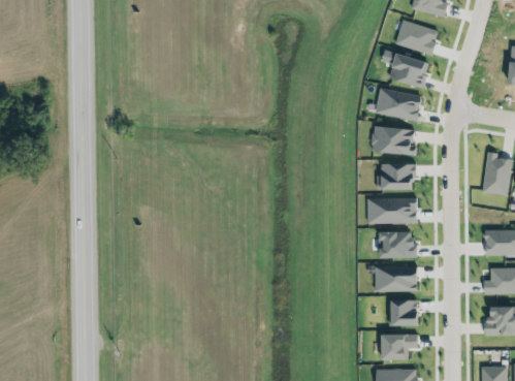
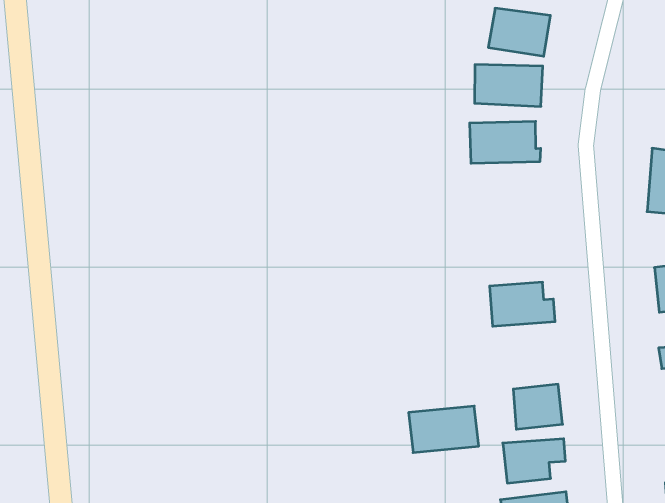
building: [377,164,416,190] -> none
building: [367,197,418,224] -> none
building: [375,265,418,292] -> [409,406,479,453]

